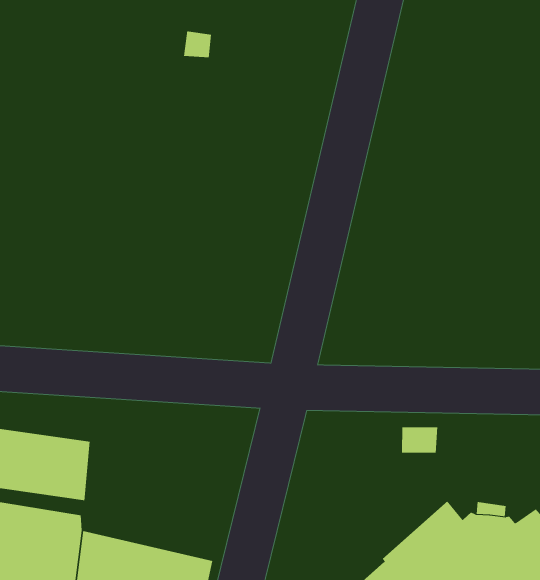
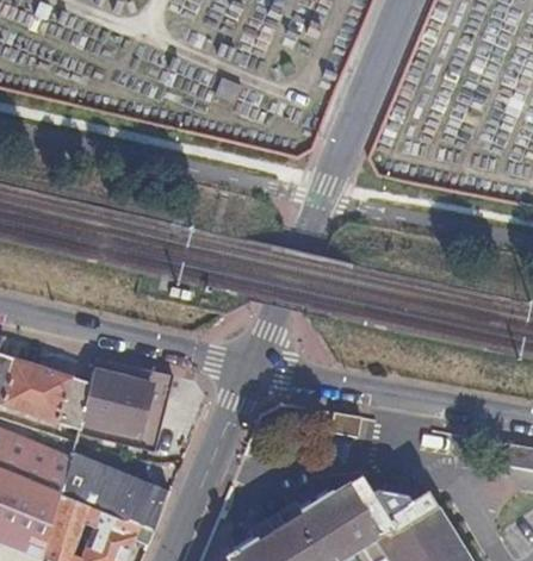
building: none -> [76,360,173,451]

